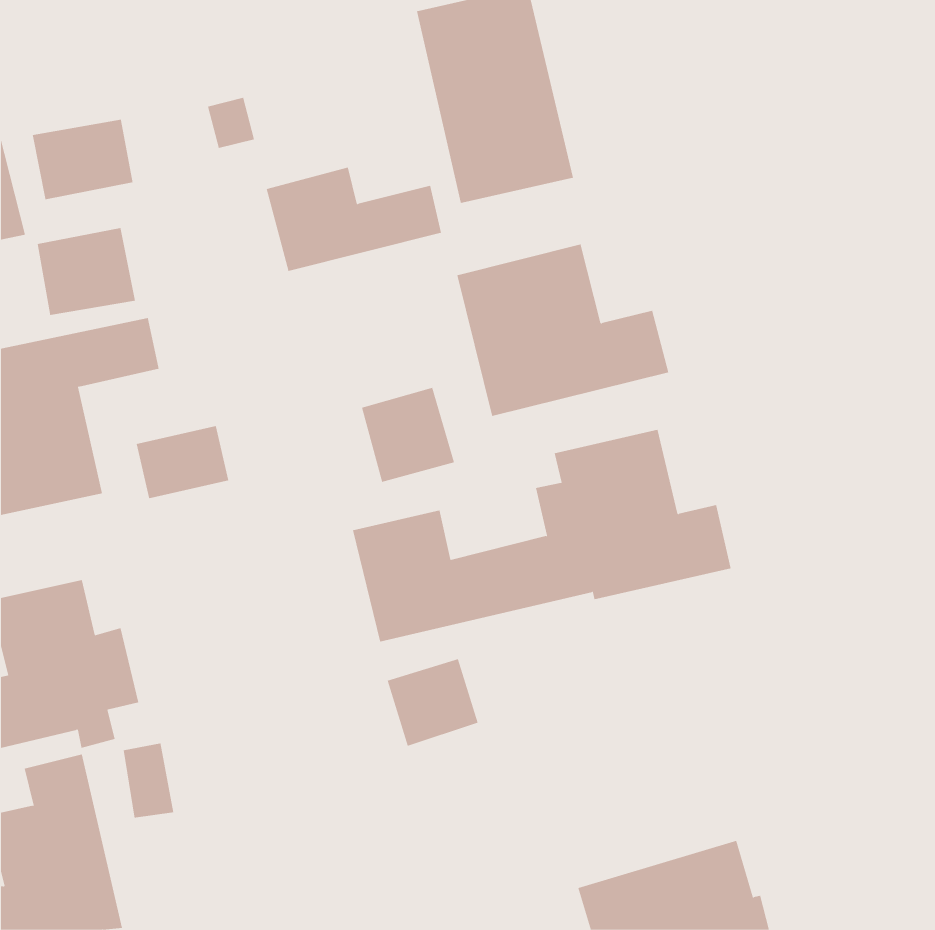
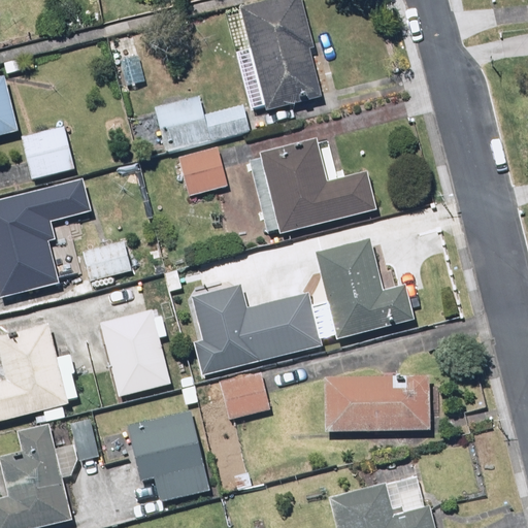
building: [32,119,133,200] -> none
building: [361,387,455,483] -> [175,143,228,197]
building: none -> [96,309,172,396]
building: none -> [319,374,429,435]
building: none -> [126,420,209,500]

